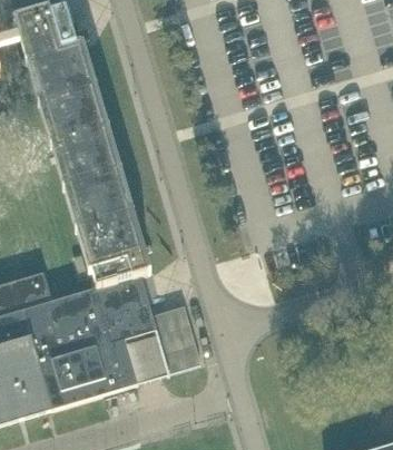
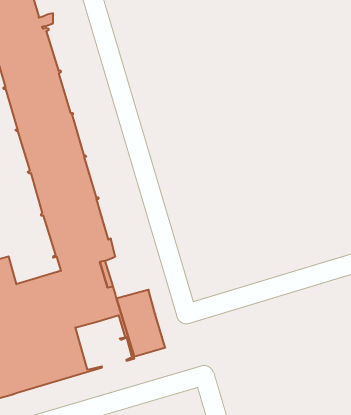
building: [111,330,168,384] -> none

